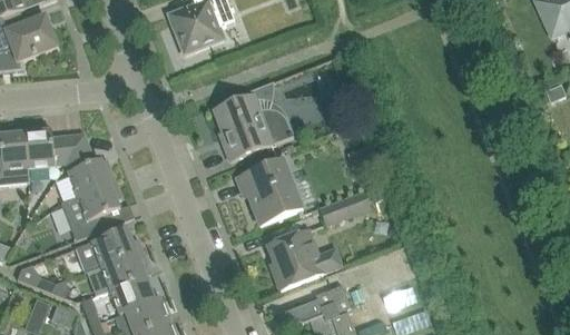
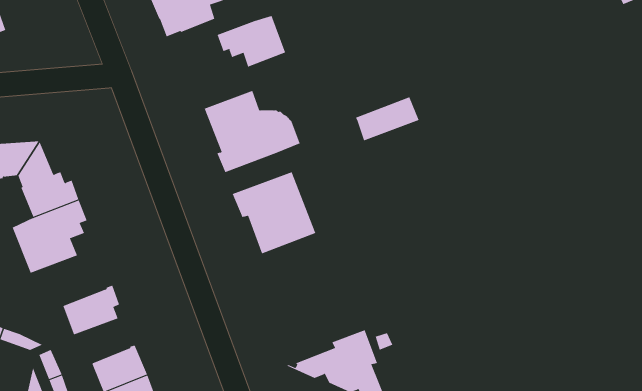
building: none -> [217,15,286,68]
building: [320,188,371,224] -> [355,96,419,141]
building: [75,227,136,270] -> none
building: [267,228,343,288] -> none
building: [110,275,155,313] -> none

